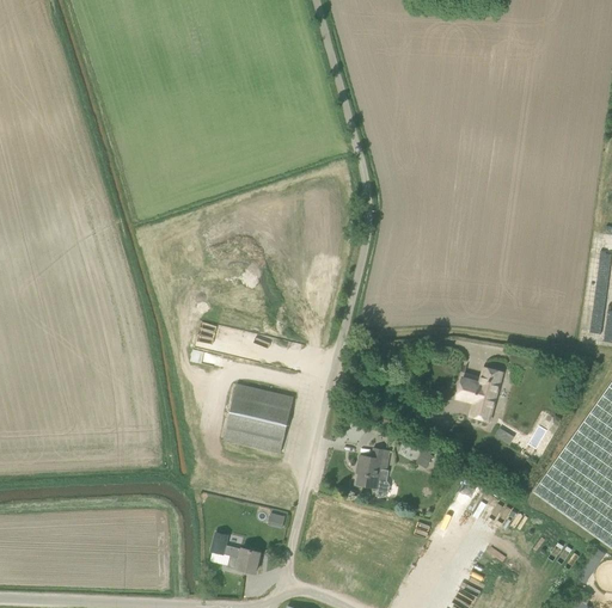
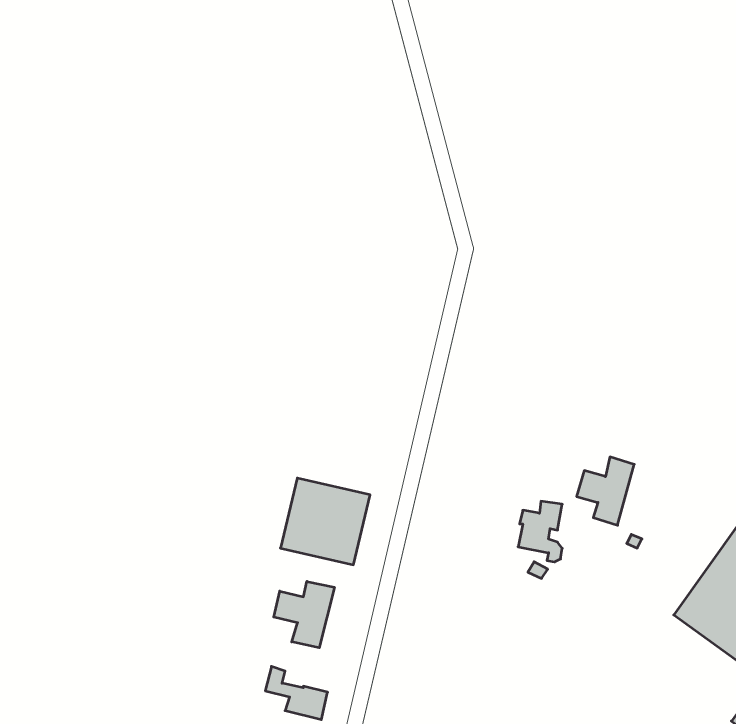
building: [356,448,391,496] -> [518,501,562,562]
building: none -> [274,581,334,648]

